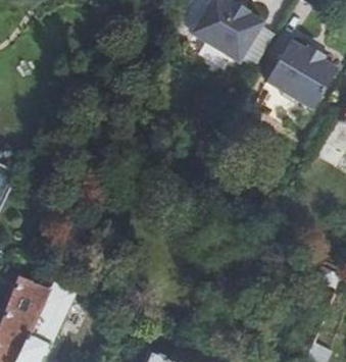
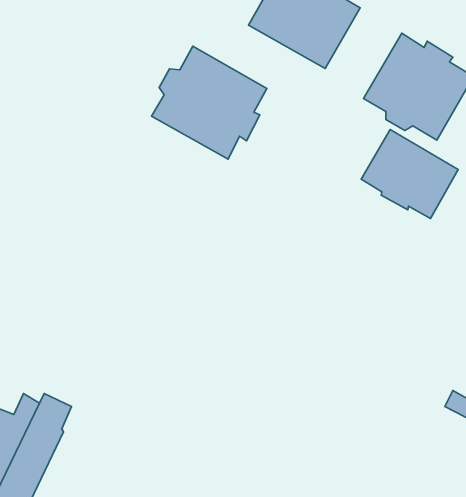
building: none -> [152,46,267,159]
building: none -> [361,130,458,218]

